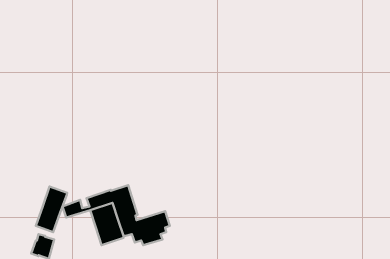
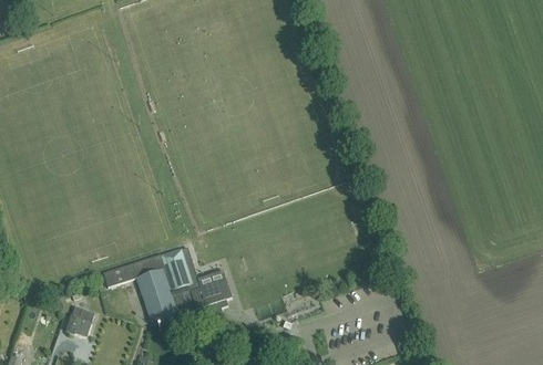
building: [36,186,67,232] -> none

